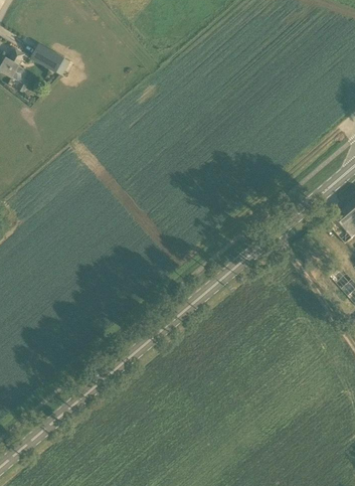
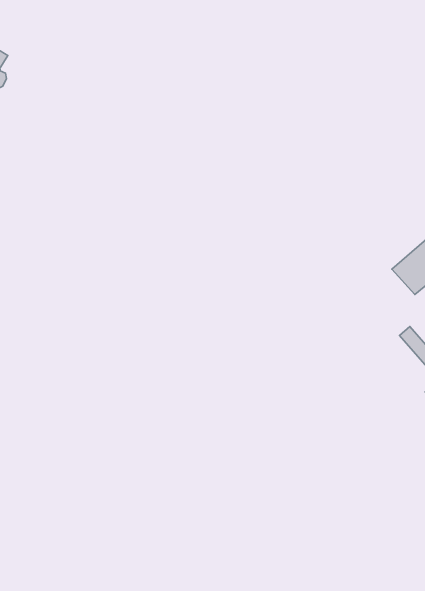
building: [29,44,62,72] -> none

